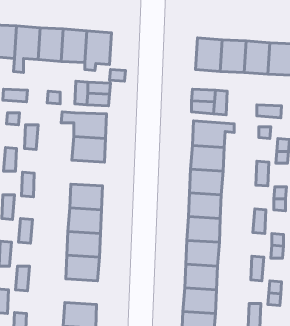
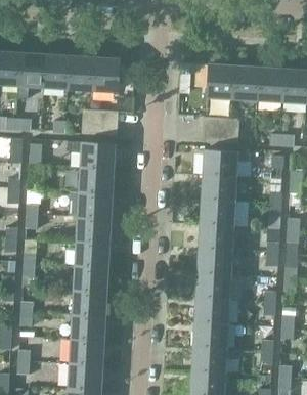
building: none -> [77,191,112,218]
building: none -> [71,314,104,341]

